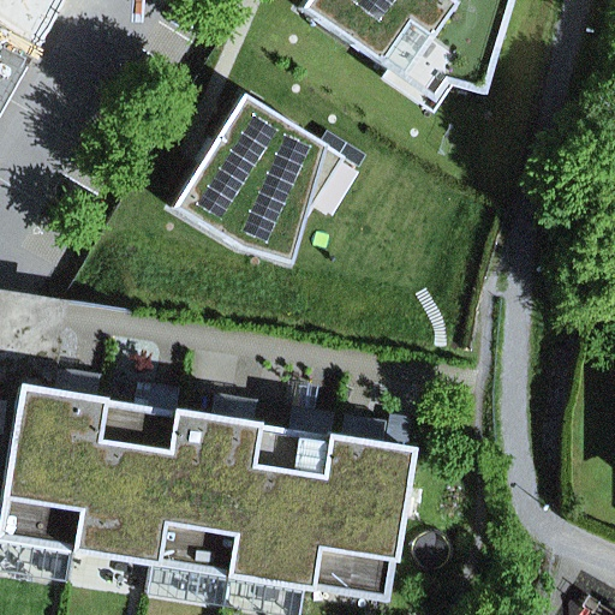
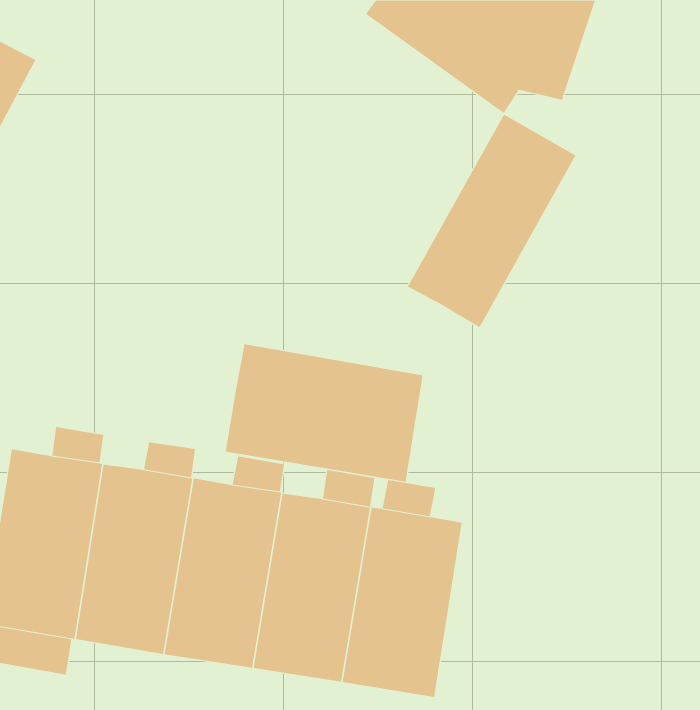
building: [175,92,340,264] -> none
building: none -> [407,114,576,327]
building: none -> [225,344,423,482]

